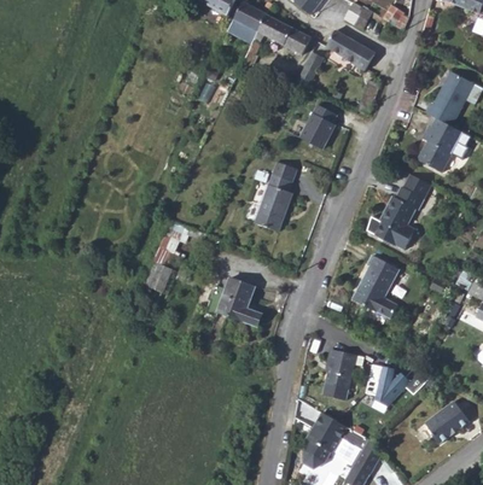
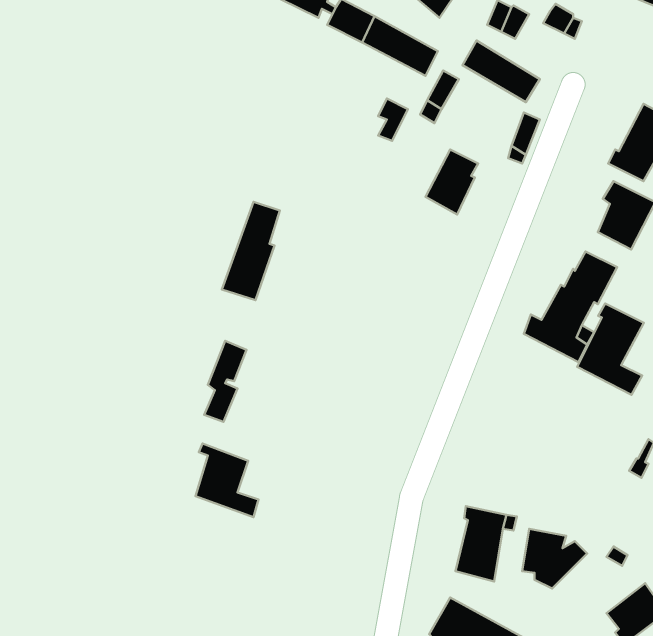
building: [255,162,295,229] -> [222,202,280,300]
building: [351,255,397,317] -> [577,304,644,395]
building: [217,274,261,325] -> [195,443,259,517]

